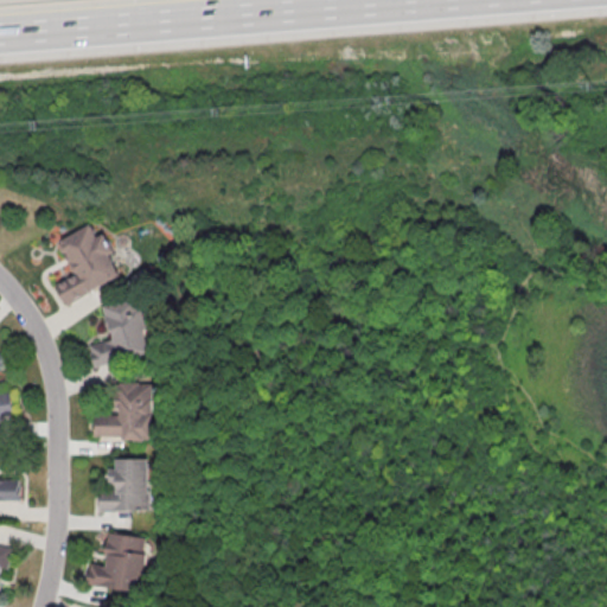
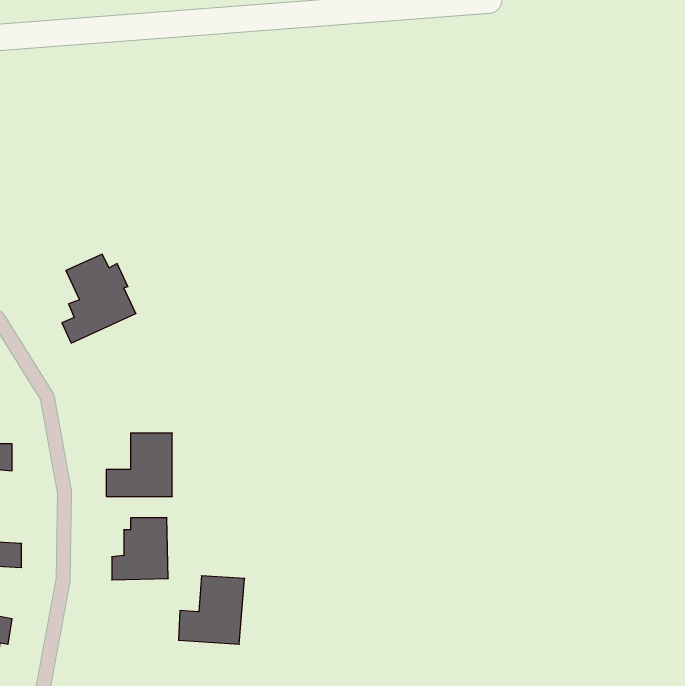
building: [89,298,149,366] -> none
building: [87,531,145,592] -> [179,576,245,644]

